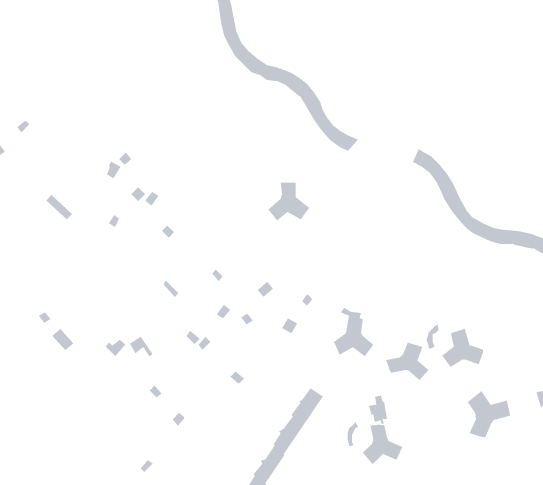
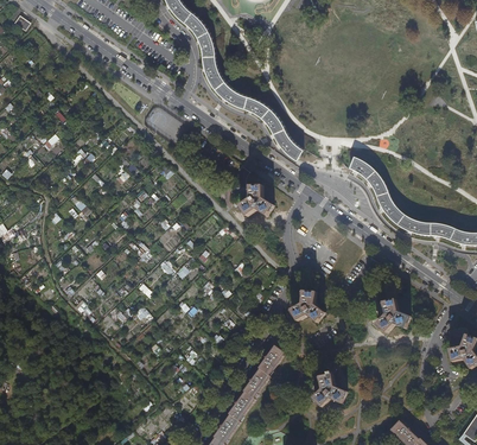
building: [386,342,430,381] -> none
building: [467,390,511,438] -> none

